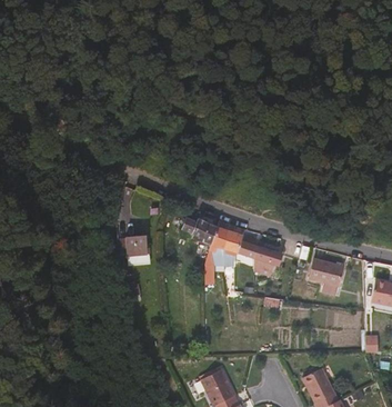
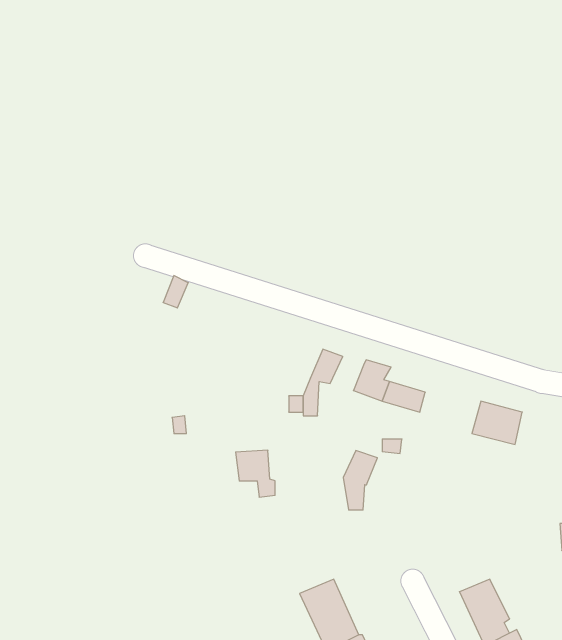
building: [182,217,219,245] -> none
building: [223,231,244,268] -> [343,451,377,510]
building: [127,236,151,265] -> [236,450,275,497]

